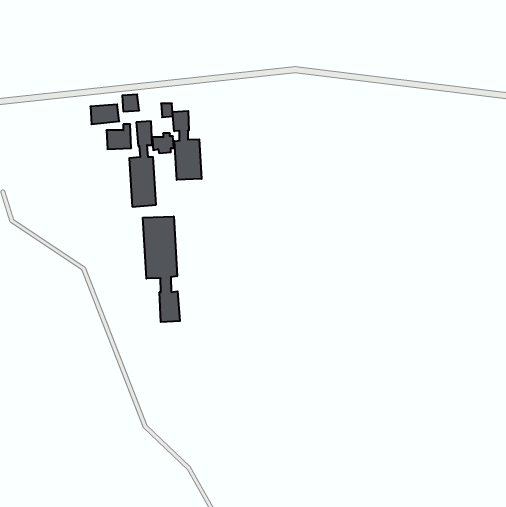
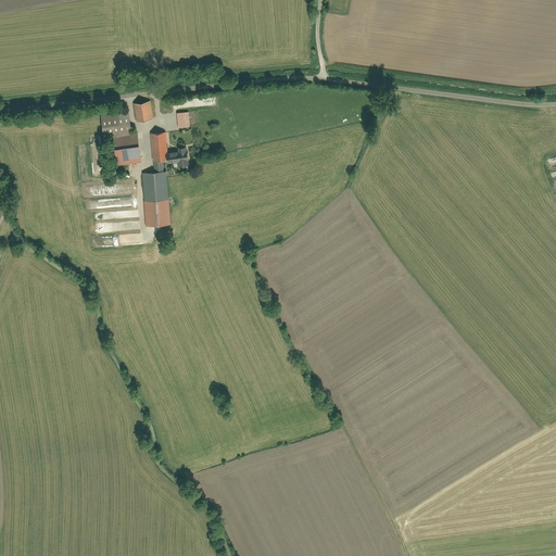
building: [173,111,202,180] -> none
building: [143,216,180,322] -> none

